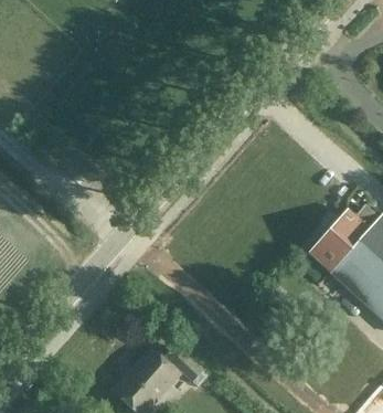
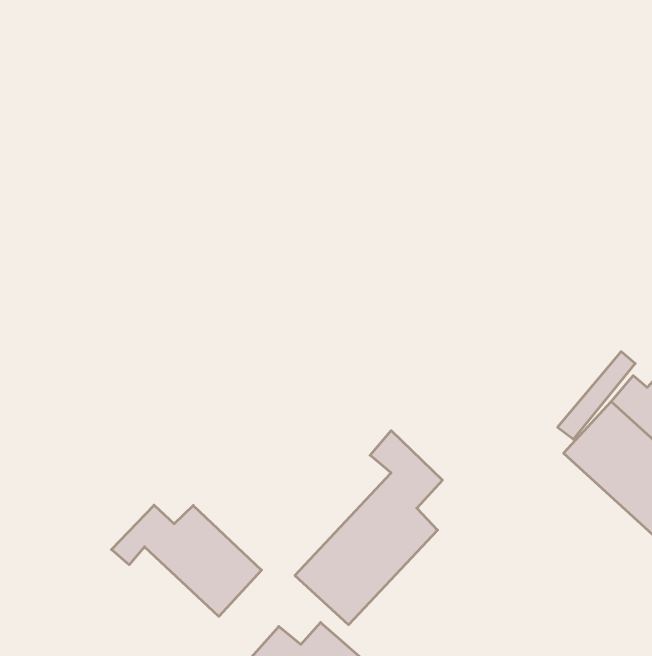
building: none -> [295,431,442,625]
building: none -> [111,505,262,616]

